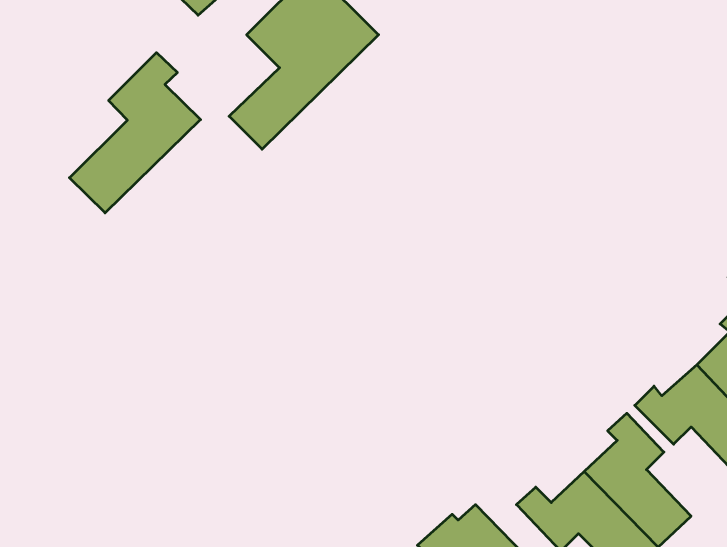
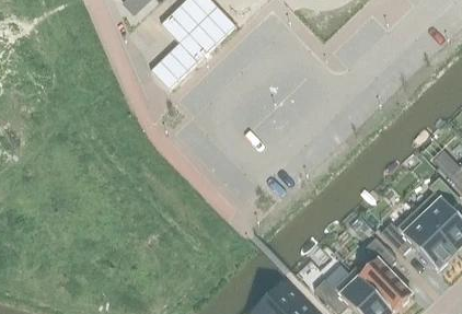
building: [69,53,201,213] -> none

